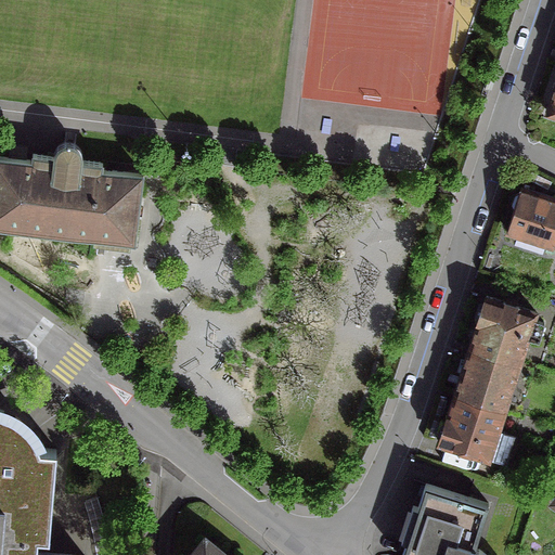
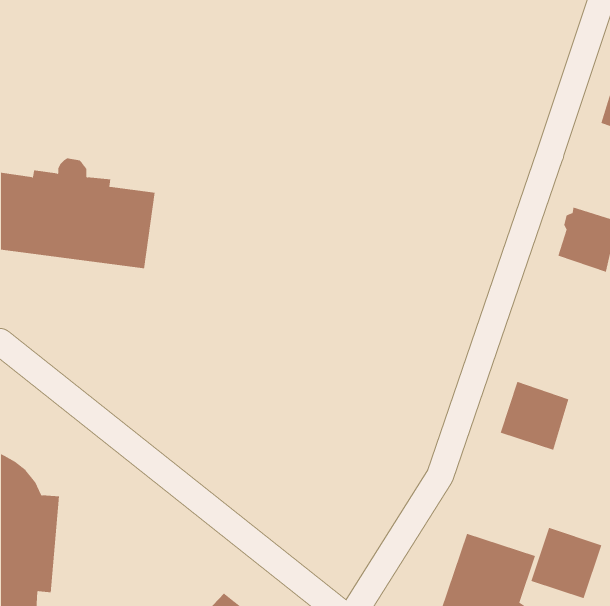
building: [469,300,542,366] -> none
building: [438,397,503,462] -> [530,527,602,599]

